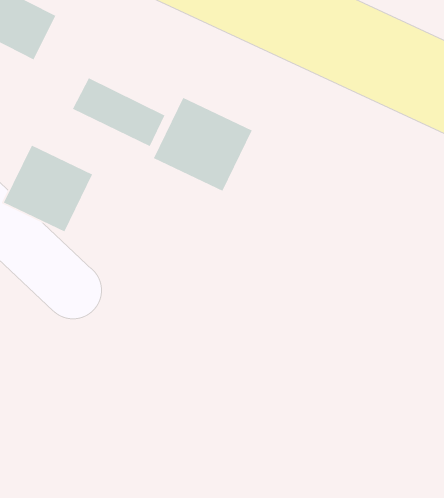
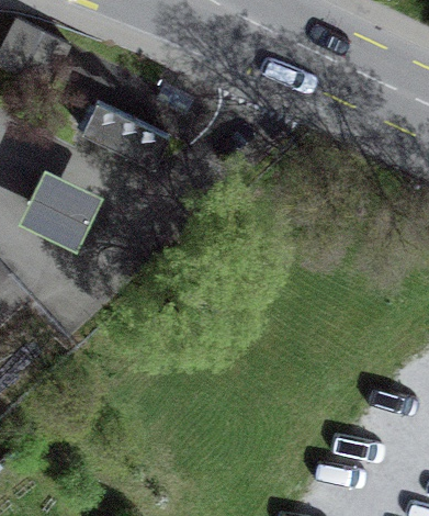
building: [153,97,253,192] -> none

